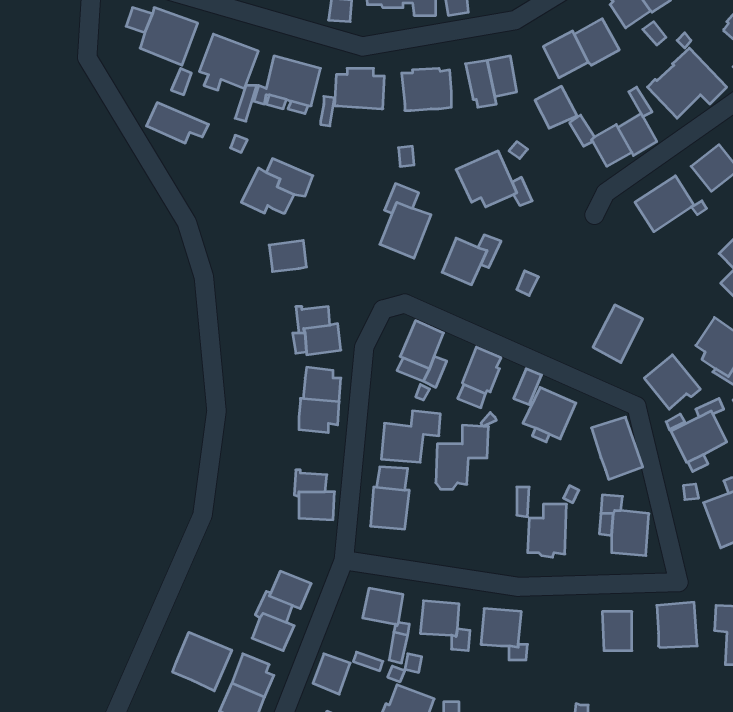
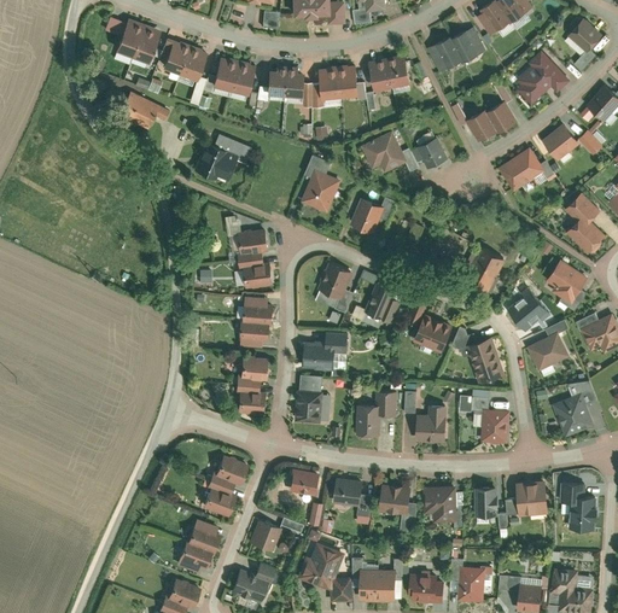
building: [535,86,577,128] -> [416,135,449,168]
building: [269,240,307,272] -> [239,228,268,252]
building: [436,425,489,489] -> [356,390,397,439]
building: none -> [240,357,268,380]
building: none -> [424,485,457,522]
building: [173,632,232,691] -> none

